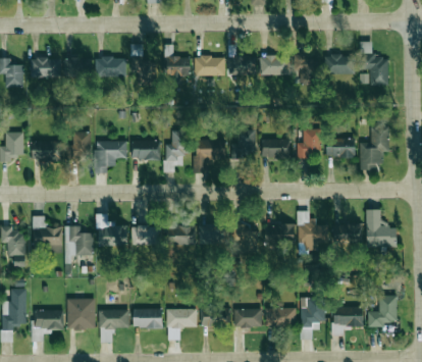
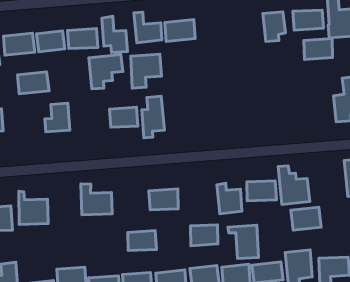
building: [227,56,256,75] -> none
building: [260,56,289,75] -> none
building: [231,130,256,159] -> none
building: [297,130,321,158] -> none
building: [262,139,291,158] -> none
building: [326,139,356,158] -> [304,38,332,60]
building: [194,140,224,172] -> [131,54,161,88]
building: [94,141,127,173] -> [89,55,123,89]
building: [32,142,62,162] -> [18,72,49,94]
building: [199,224,227,245] -> [190,225,218,246]
building: [333,224,363,246] -> [291,207,321,230]
building: [65,226,93,256] -> none
building: [131,226,160,246] -> [128,231,156,251]
building: none -> [228,225,259,258]

